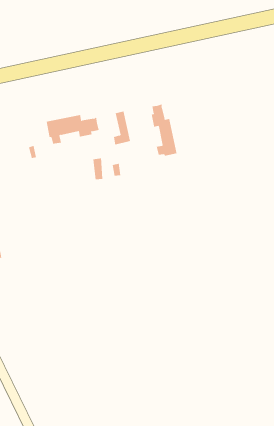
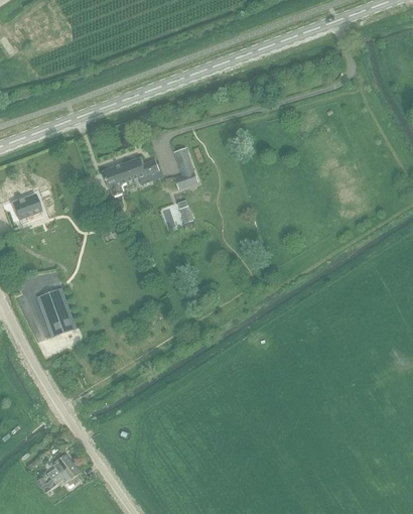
building: [151,104,177,157] -> none

